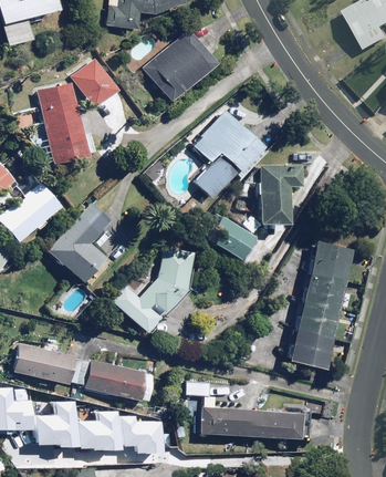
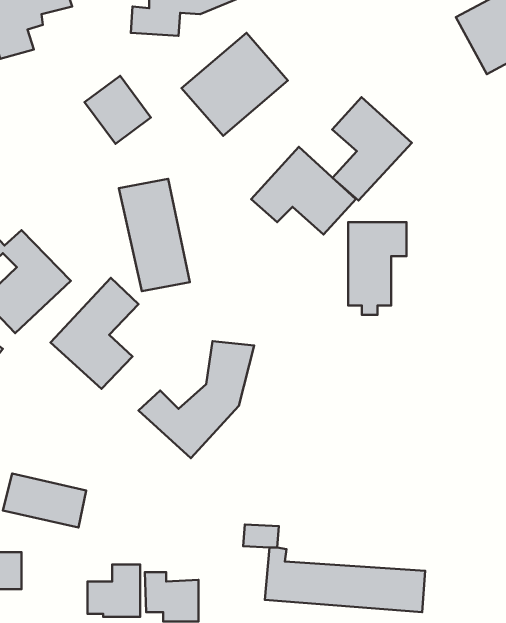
building: none -> [332,97,412,201]
building: [39,83,90,164] -> [119,179,190,291]
building: [195,156,237,199] -> none
building: [201,212,258,261] -> none
building: [291,240,356,370] -> none
building: [85,361,153,401] -> none
building: [31,402,69,445] -> none

